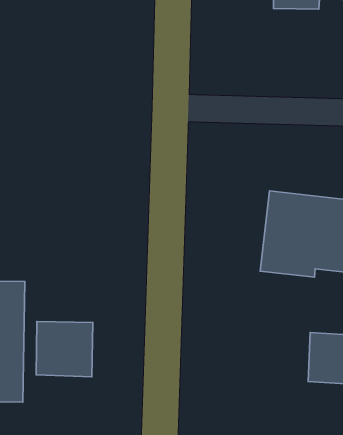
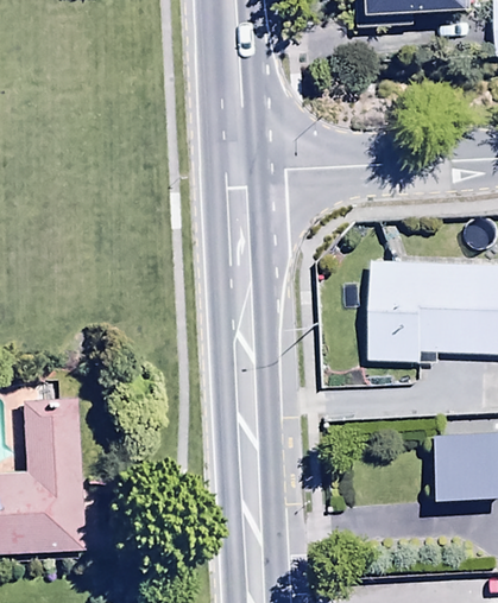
building: [36,321,93,377] -> none

